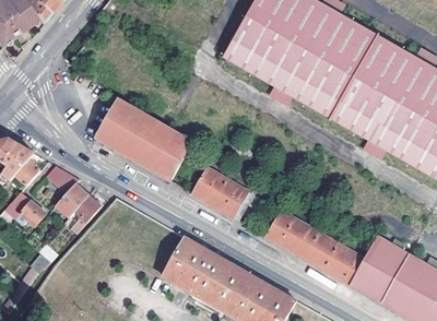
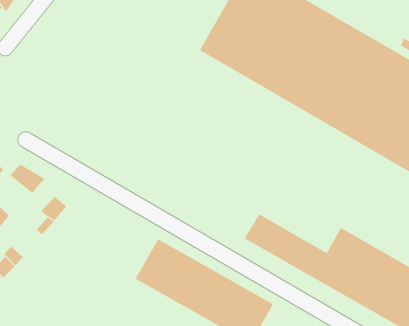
building: [97,99,193,181] -> none
building: [193,168,249,217] -> none
building: [57,183,87,216] -> none

